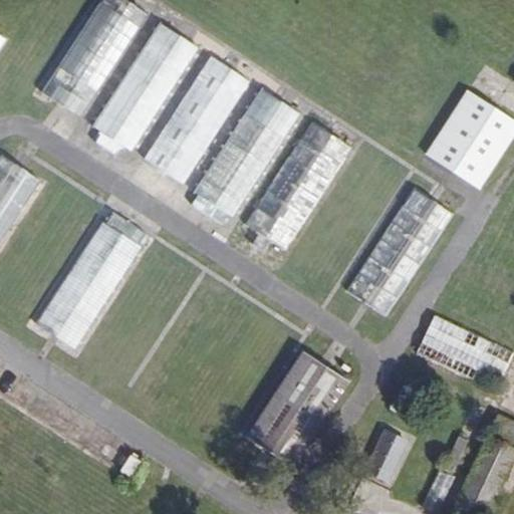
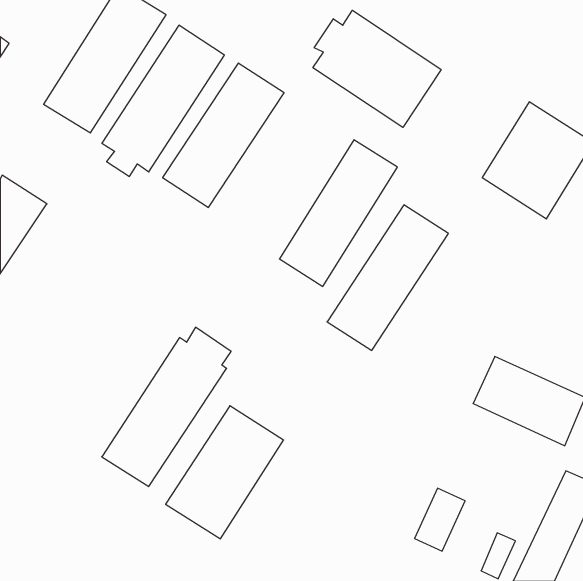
building: none -> [313,10,441,127]
building: [193,89,299,222] -> none
building: [347,187,454,314] -> [327,205,448,350]
building: [36,210,150,349] -> [102,327,231,487]
building: [245,351,348,468] -> [166,406,284,539]

